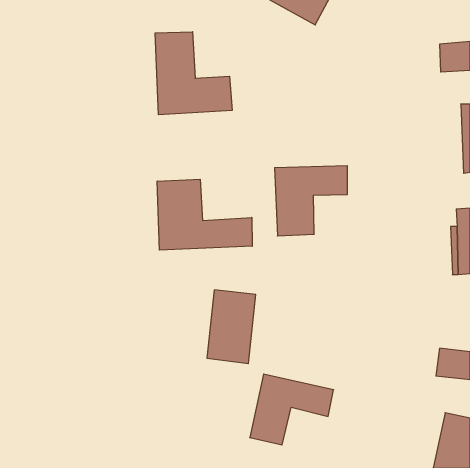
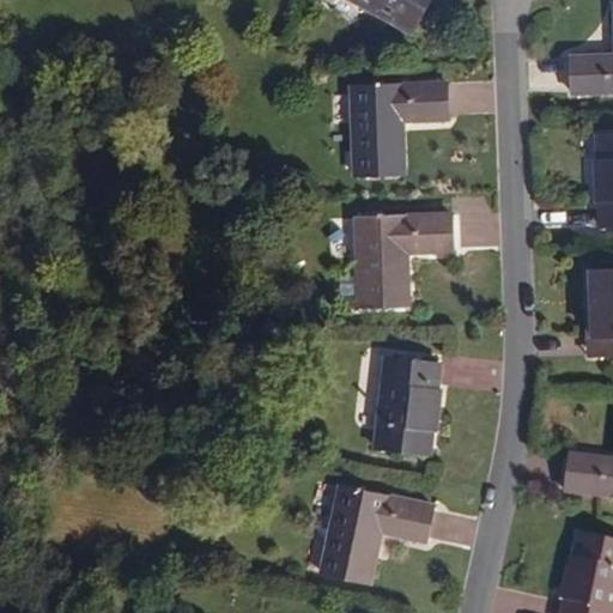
building: [155,32,232,115] -> none
building: none -> [347,84,448,176]
building: [157,179,252,250] -> none
building: [207,290,256,364] -> [376,358,439,454]

